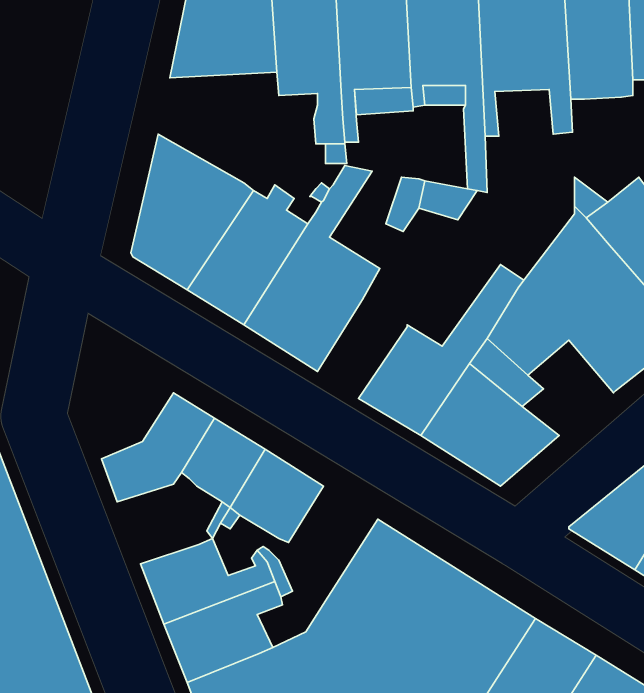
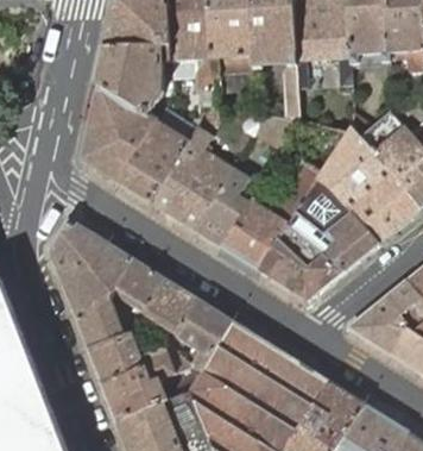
building: none -> [97,46,171,114]
building: none -> [195,163,264,246]
building: none -> [320,211,375,269]
building: none -> [49,219,107,283]
building: none -> [72,299,122,347]
building: none -> [176,300,232,370]

